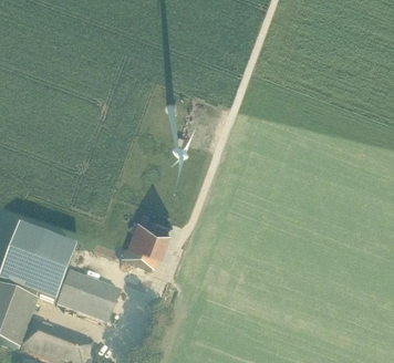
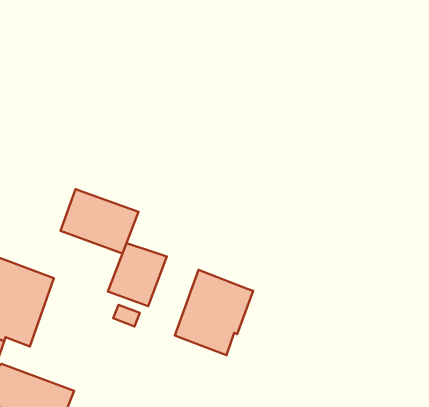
building: none -> [175,270,253,355]
building: [56,268,121,321] -> [61,189,139,254]

